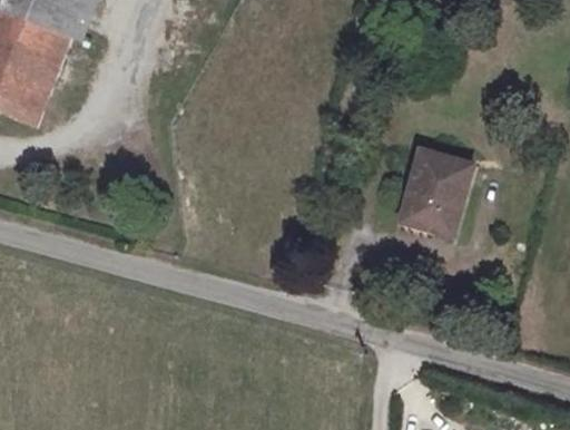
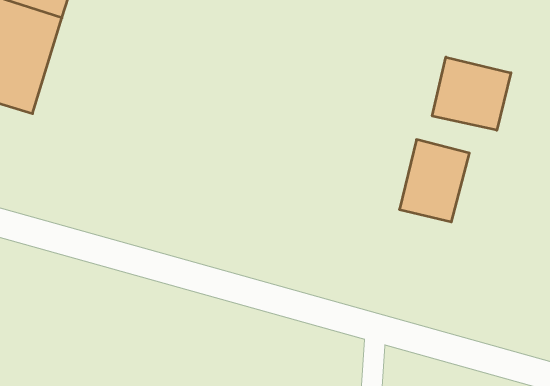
building: none -> [432,57,511,130]

